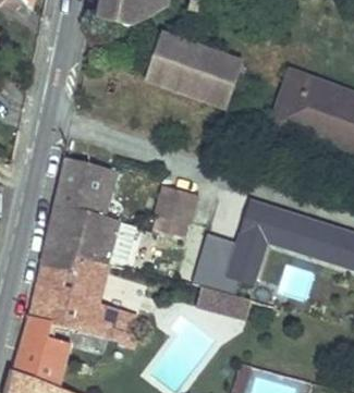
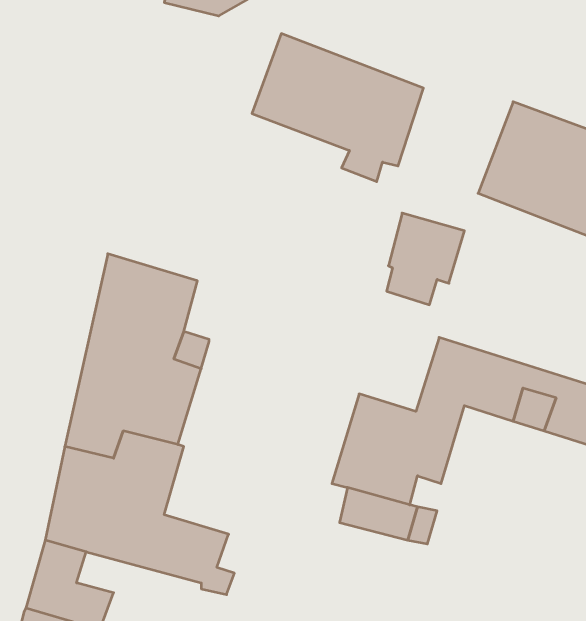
building: [155,185,198,236] -> [387,213,464,305]

